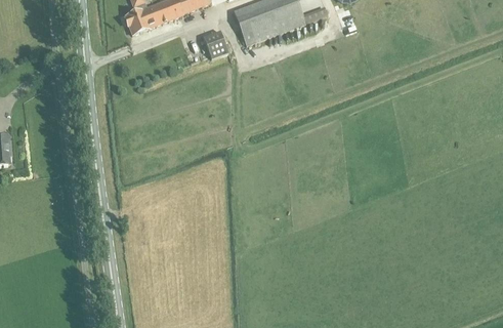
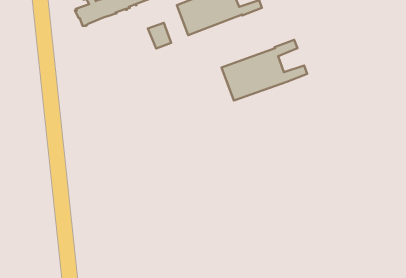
building: none -> [221,40,307,101]

